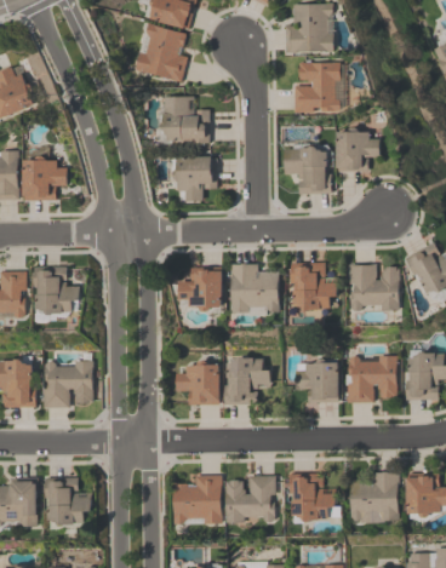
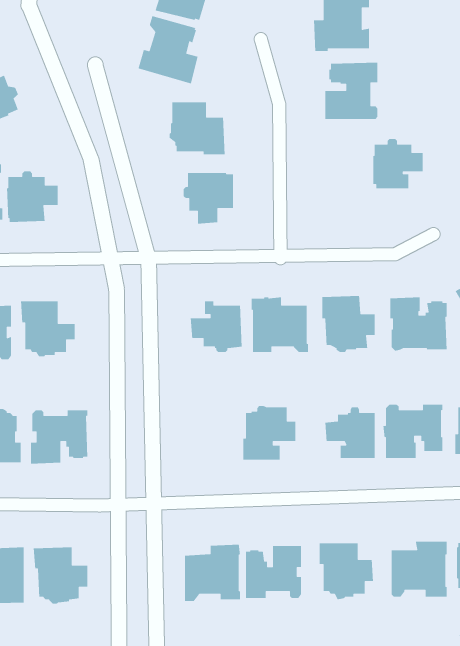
building: [284,145,331,193] -> none
building: [176,360,219,403] -> none

